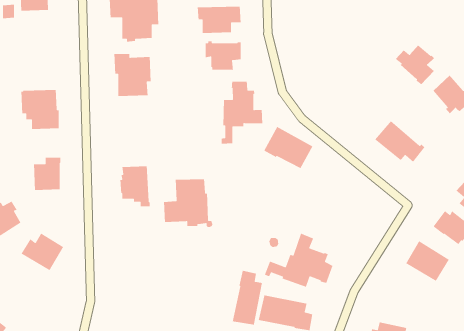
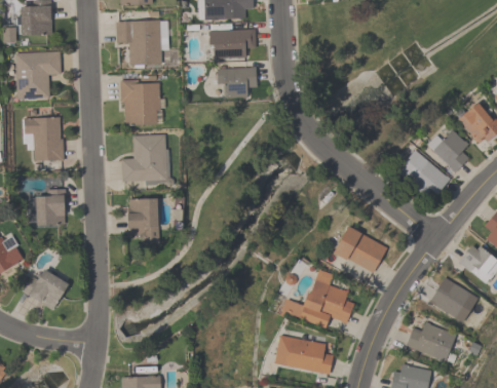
building: none -> [15,51,62,100]
building: [395,45,435,85] -> [427,129,469,172]
building: [221,81,263,144] -> none
building: [263,126,314,169] -> [334,226,387,272]
building: [163,178,214,228] -> [121,133,175,186]
building: [232,270,263,326] -> none
building: none -> [406,321,456,362]

